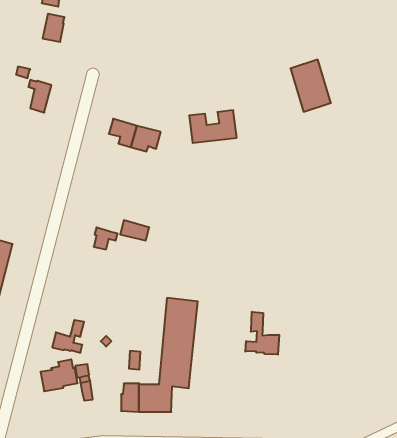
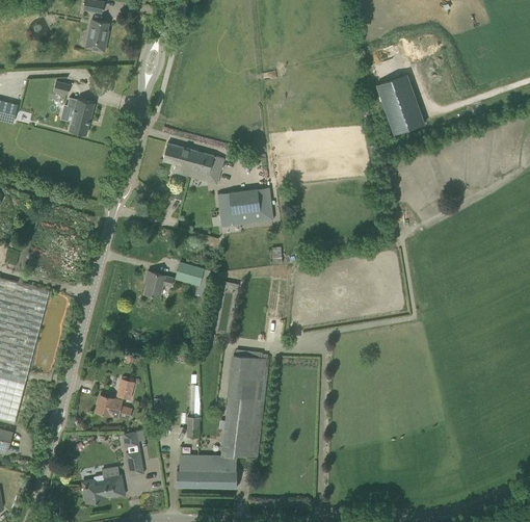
building: [189,110,237,143] -> [217,187,273,226]
building: [245,312,279,355] -> none
building: [40,359,78,391] -> [81,466,125,503]

